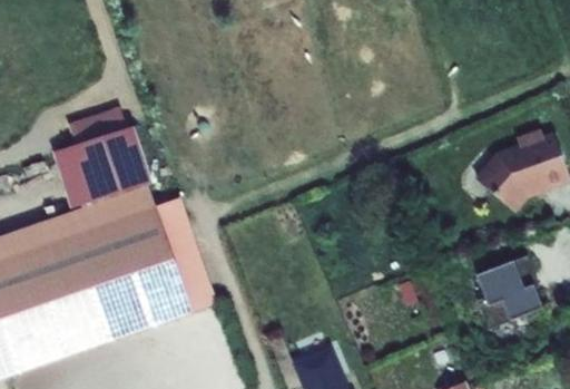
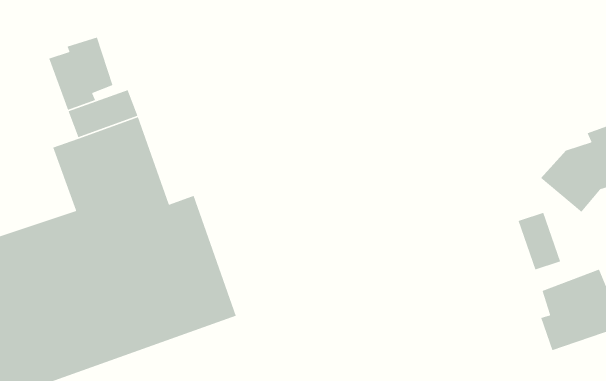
building: none -> [48,37,114,111]
building: none -> [518,212,561,270]

